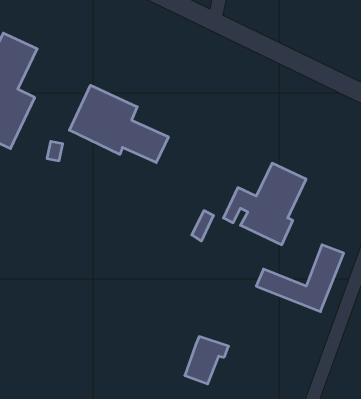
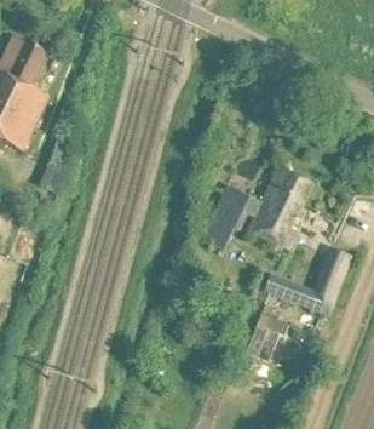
building: [69,85,168,163] -> none
building: [185,337,229,384] -> [246,314,289,361]

